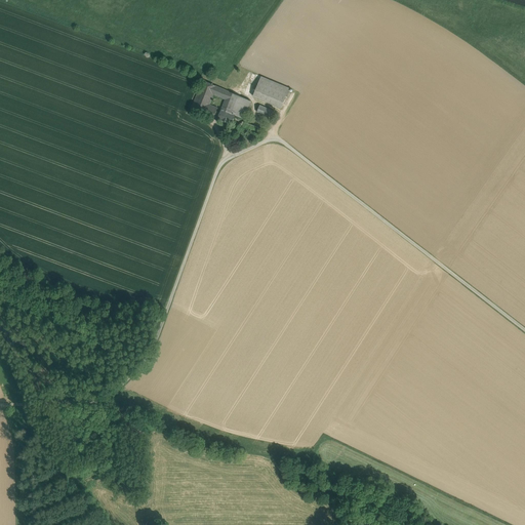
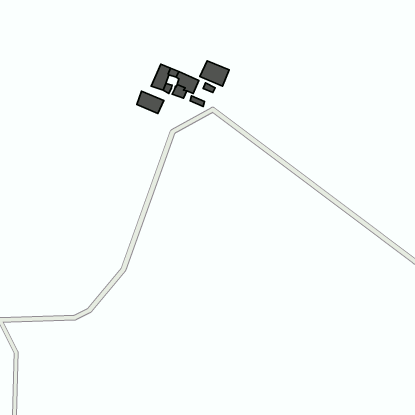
building: none -> [137,91,164,114]

